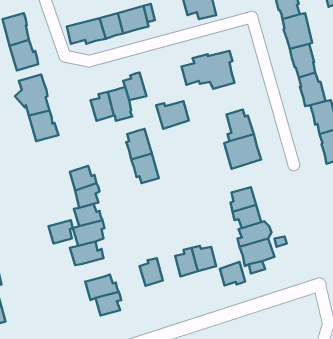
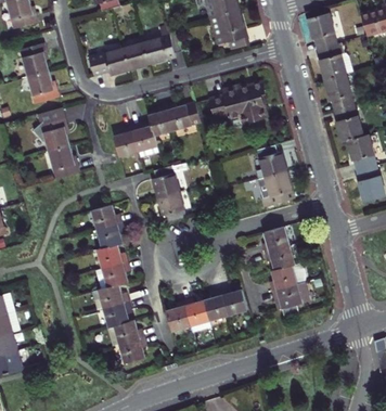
building: [156,101,189,129] -> [166,102,201,131]
building: [48,220,73,244] -> [104,303,130,327]
building: none -> [184,299,211,334]
building: [220,262,245,285] -> none

